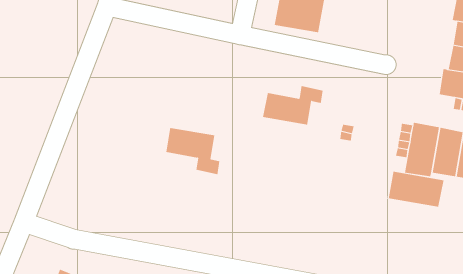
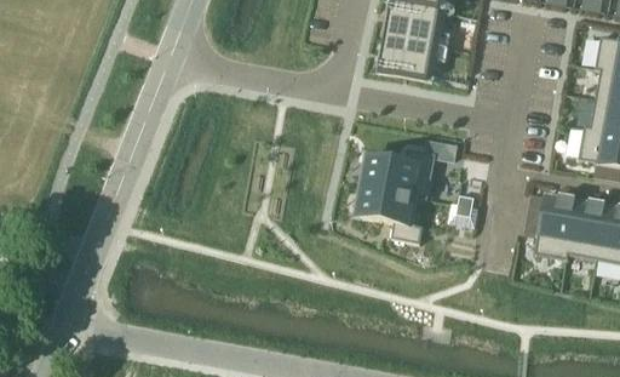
building: [166,127,220,175] -> [358,183,425,241]
building: [388,171,444,207] -> none

